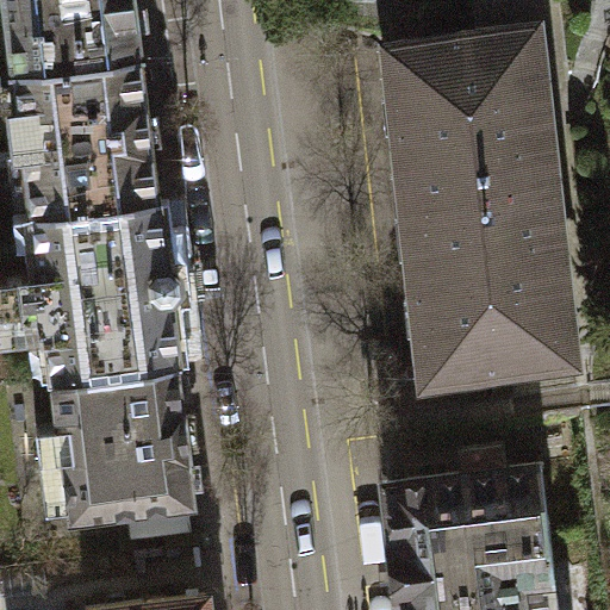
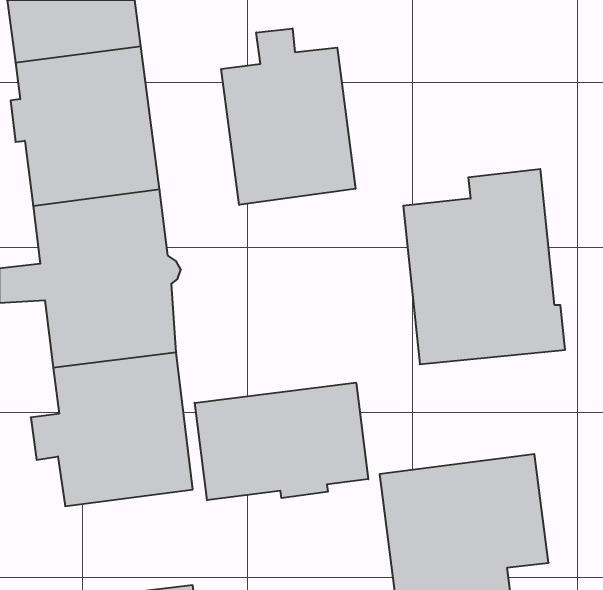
building: [390,38,544,222] -> none
building: none -> [221,28,355,205]
building: none -> [195,383,368,500]

